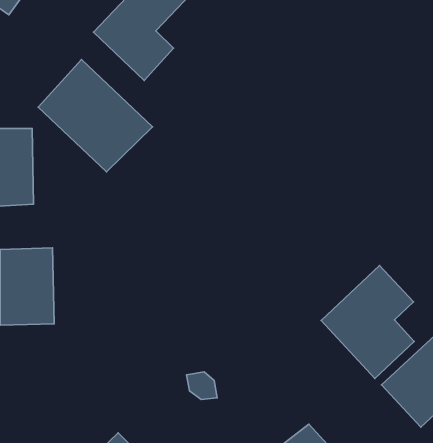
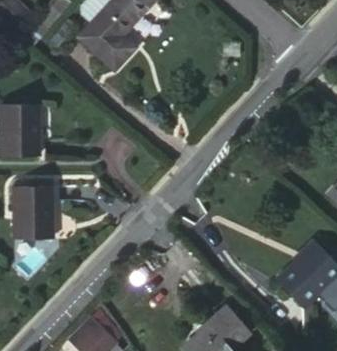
building: [38,60,153,172] -> none
building: [321,266,414,378] -> none

